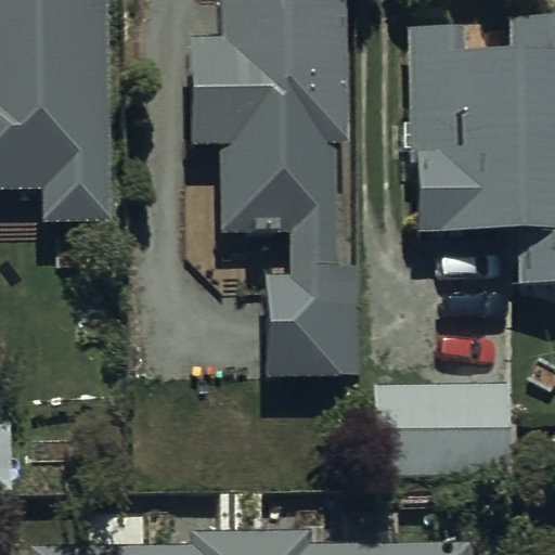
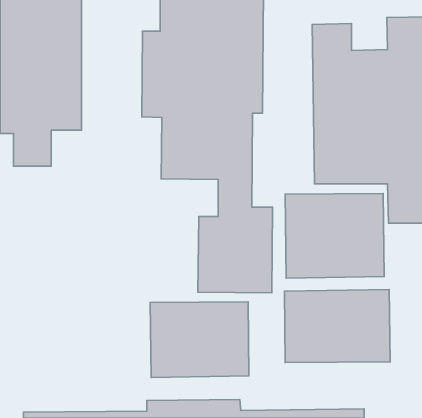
building: none -> [285,194,384,278]
building: none -> [150,302,249,377]

